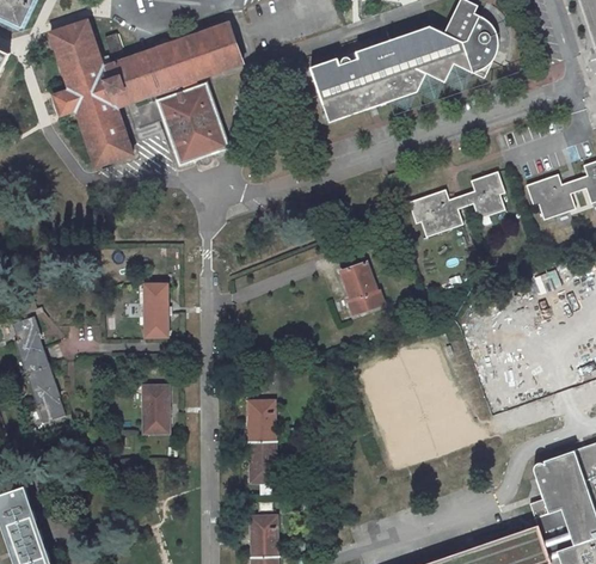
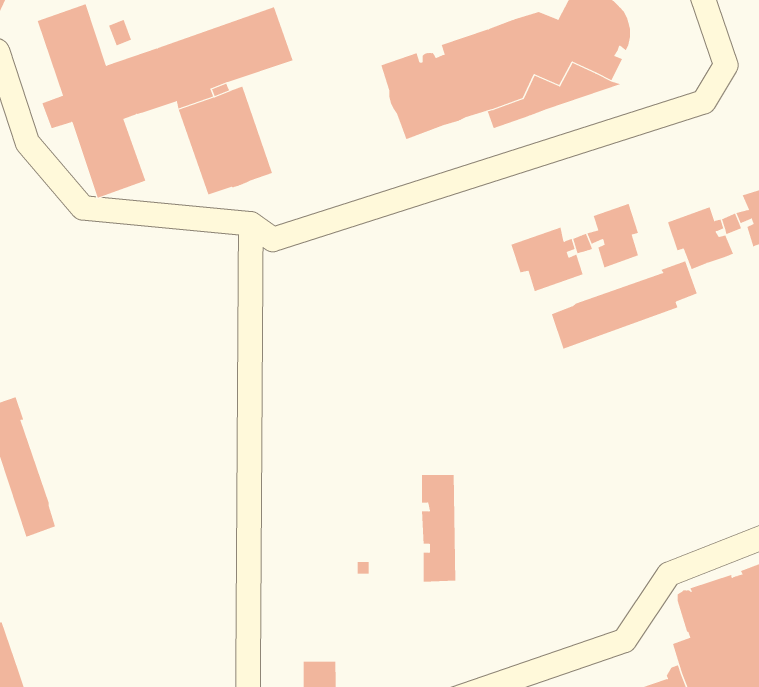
building: none -> [551,260,698,350]
building: [340,262,383,314] -> none
building: [145,284,166,337] -> none
building: [143,386,168,433] -> none
building: [248,401,275,483] -> [421,475,456,582]

